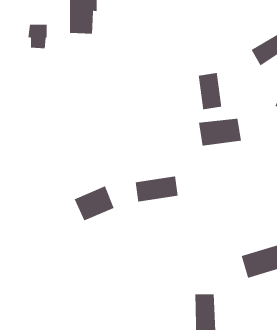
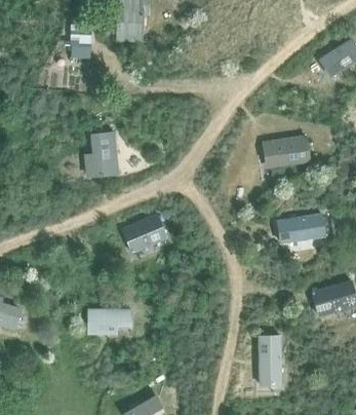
building: [198,72,222,110] -> none
building: none -> [84,133,117,177]
building: [135,176,179,202] -> [276,214,325,243]
building: none -> [86,307,130,333]

